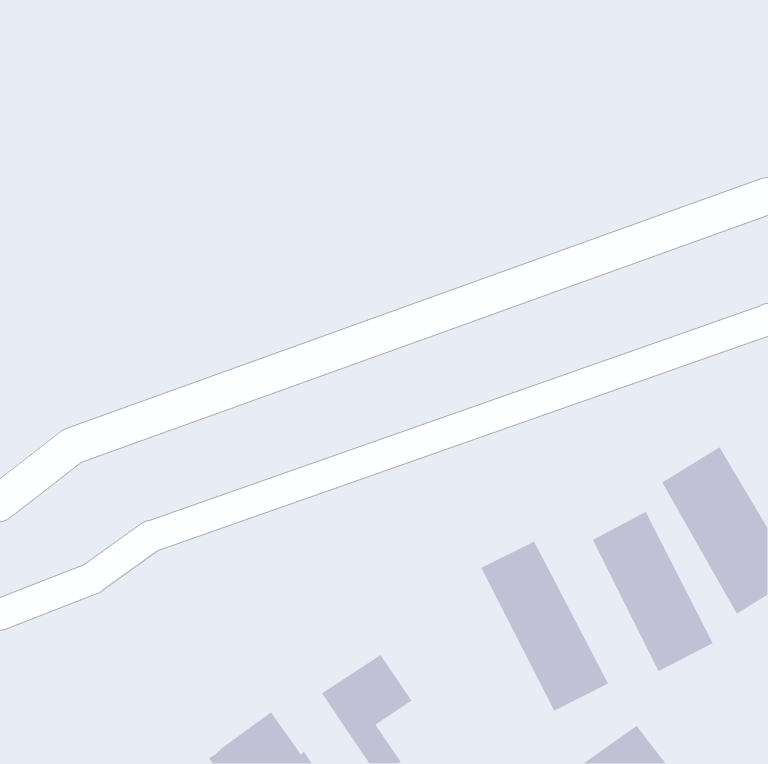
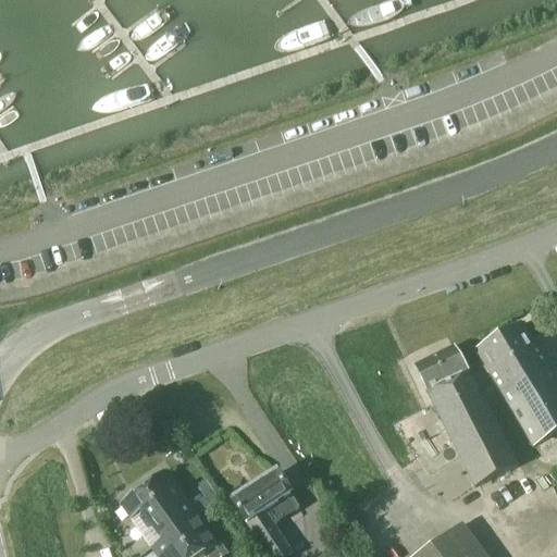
building: none -> [414,345,467,389]
building: [480,541,609,712] -> none
building: none -> [119,470,196,540]

